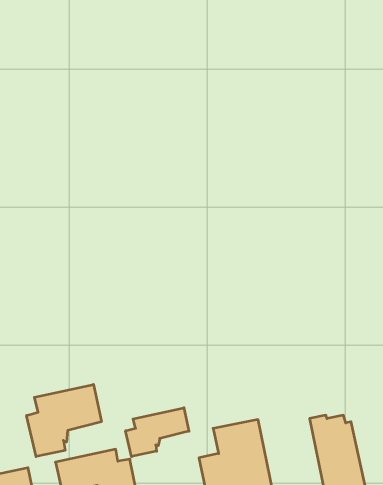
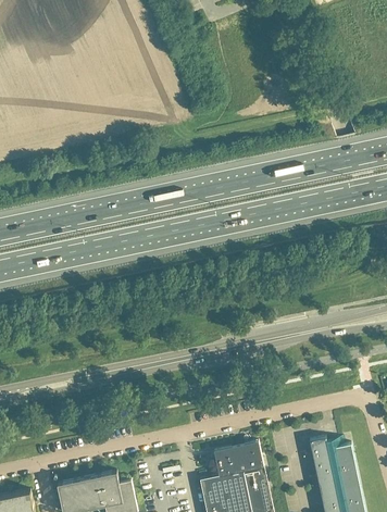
building: [27,384,101,457] -> none
building: [126,408,189,457] -> none

